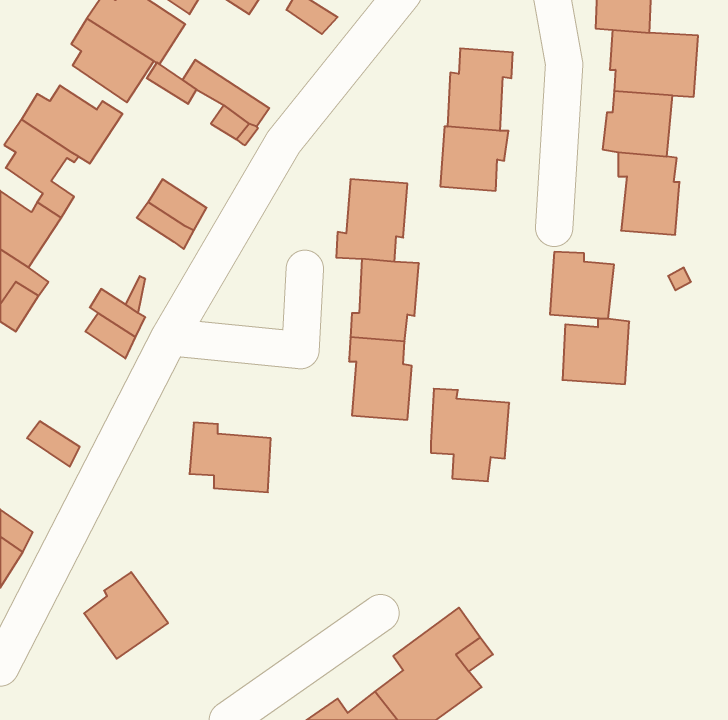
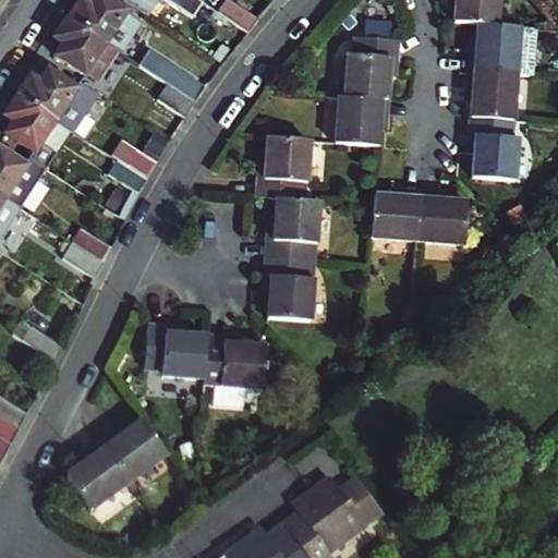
building: [562,319,629,384] -> [373,191,424,241]
building: [431,389,509,481] -> [205,336,265,407]
building: none -> [100,415,166,477]

